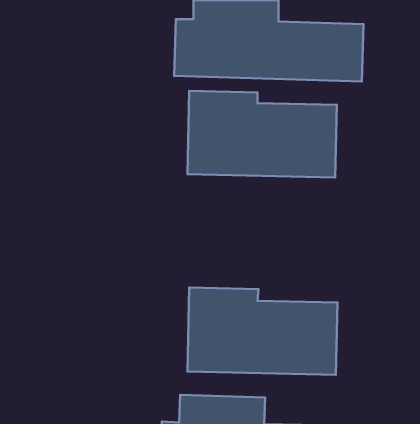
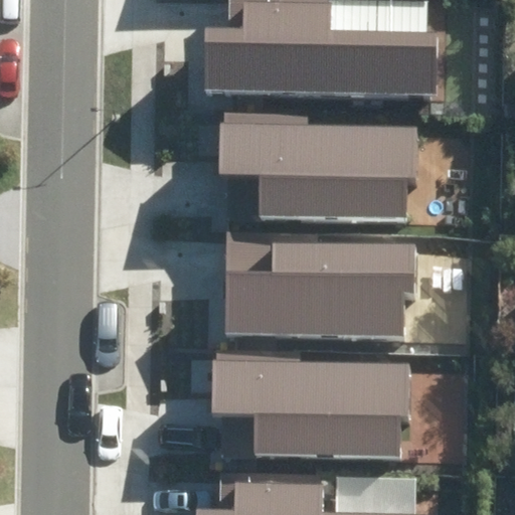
building: none -> [222,230,402,335]

